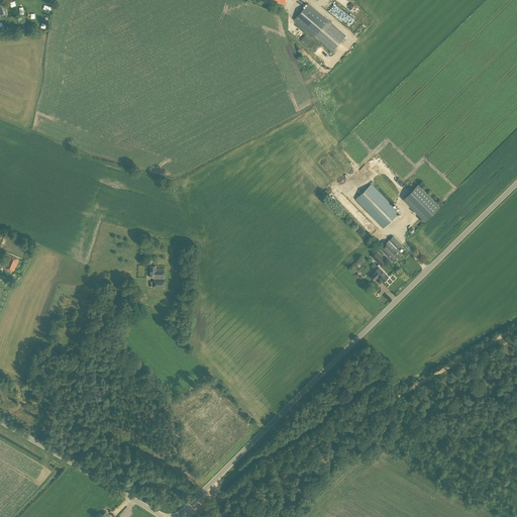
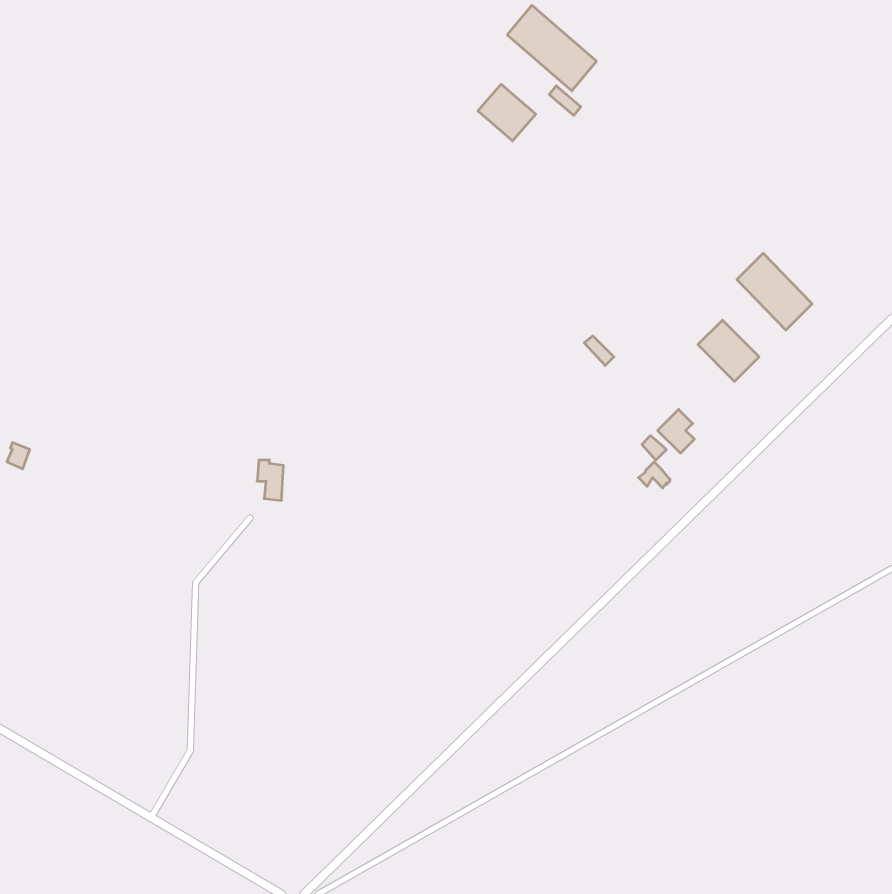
building: none -> [478,84,536,141]
building: [354,184,398,228] -> [737,253,812,330]

